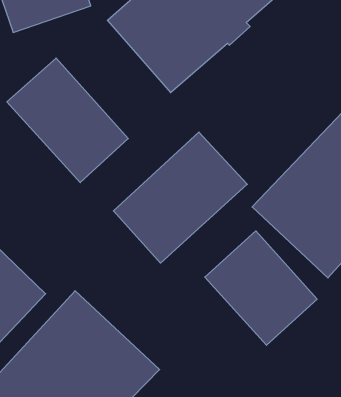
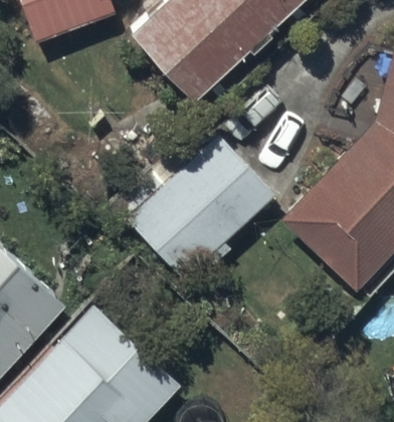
building: [7,58,128,183] -> none
building: [205,231,317,345] -> none

